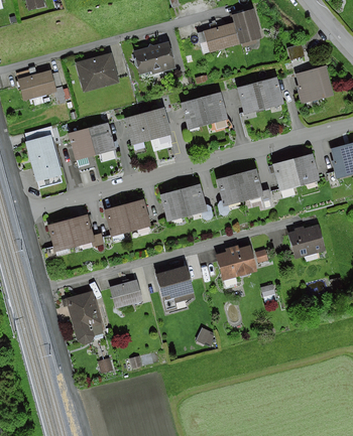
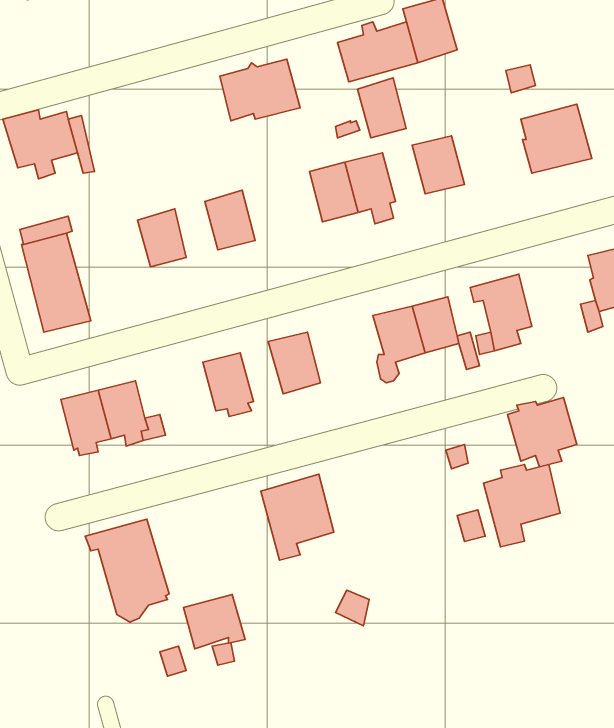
building: [77,52,119,91] -> none
building: [258,77,284,109] -> [358,78,406,138]
building: [145,107,171,144] -> none
building: [69,128,96,170] -> none
building: [295,153,320,185] -> none
building: [181,183,213,220] -> none
building: [104,204,131,240] -> none
building: [216,245,257,289] -> [484,464,560,547]
building: [110,279,143,308] -> [184,594,245,649]

